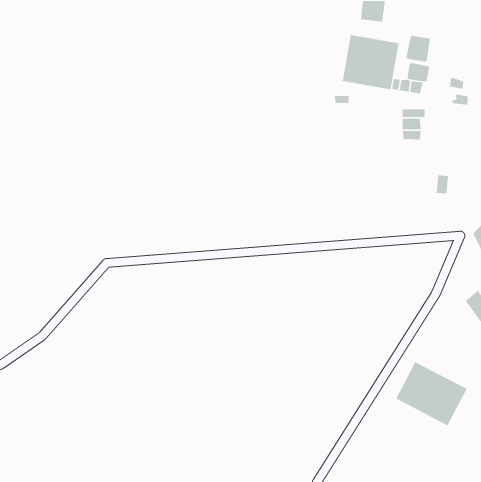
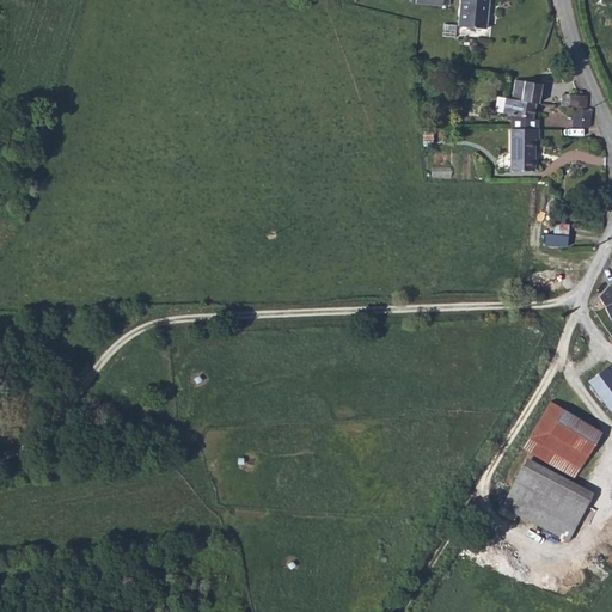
building: [342,34,399,90] -> none
building: [406,35,431,62] -> none
building: none -> [521,399,604,481]

